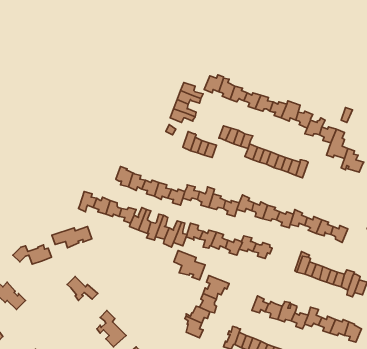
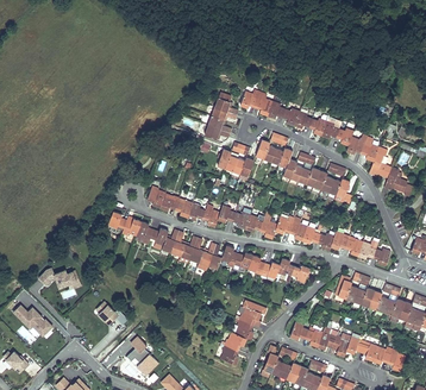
building: [52,226,92,248] -> none
building: [174,251,205,280] -> none

